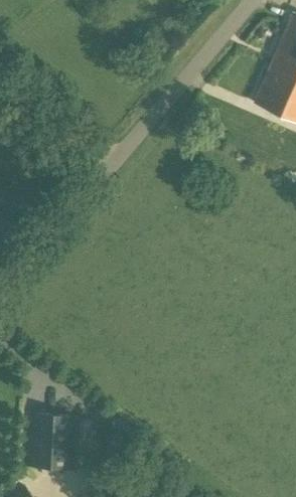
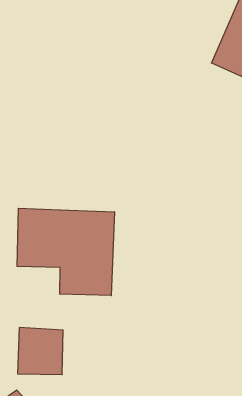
building: none -> [17,208,114,296]

